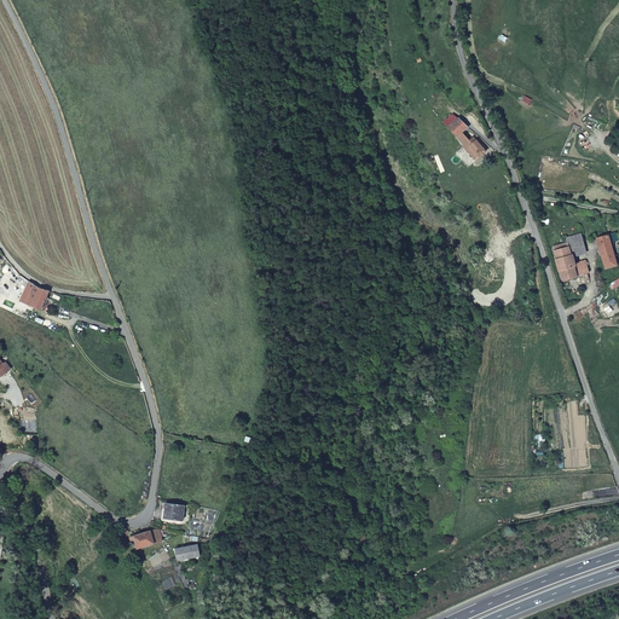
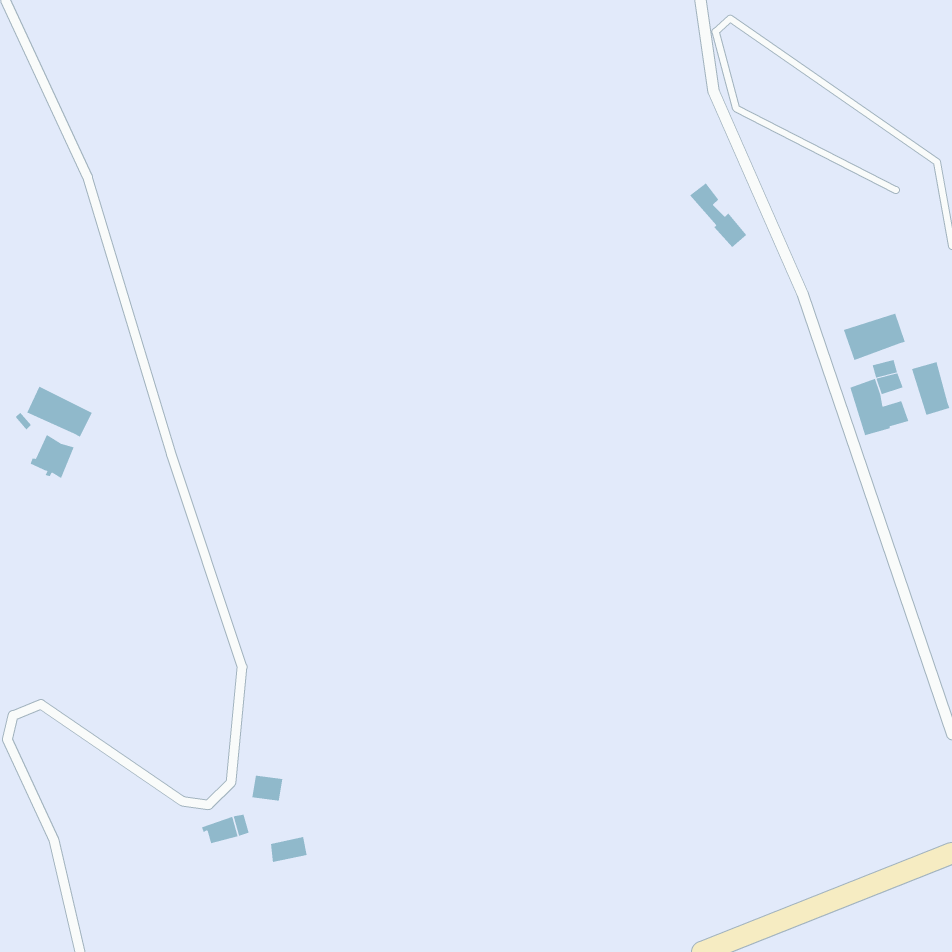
building: none -> [843,313,906,361]
building: none -> [26,386,93,438]

